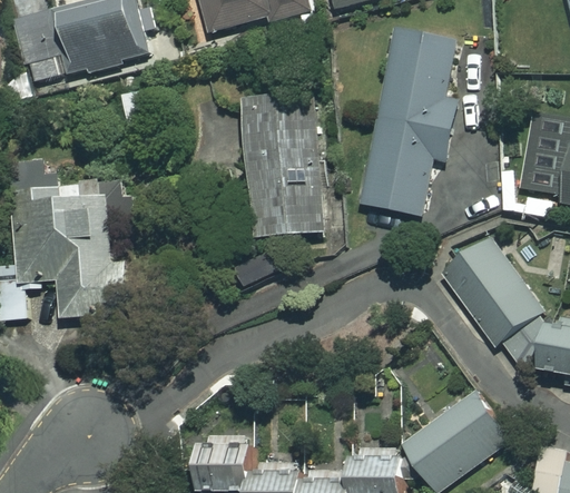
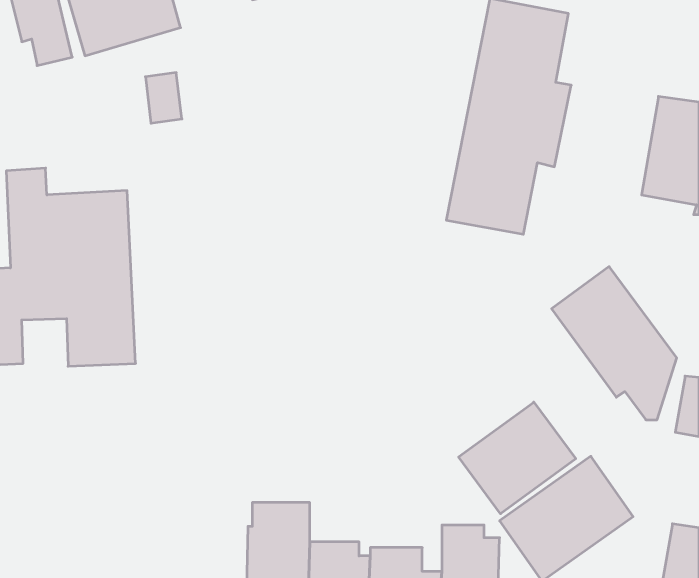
building: [246,98,326,240] -> none
building: none -> [459,402,576,514]

